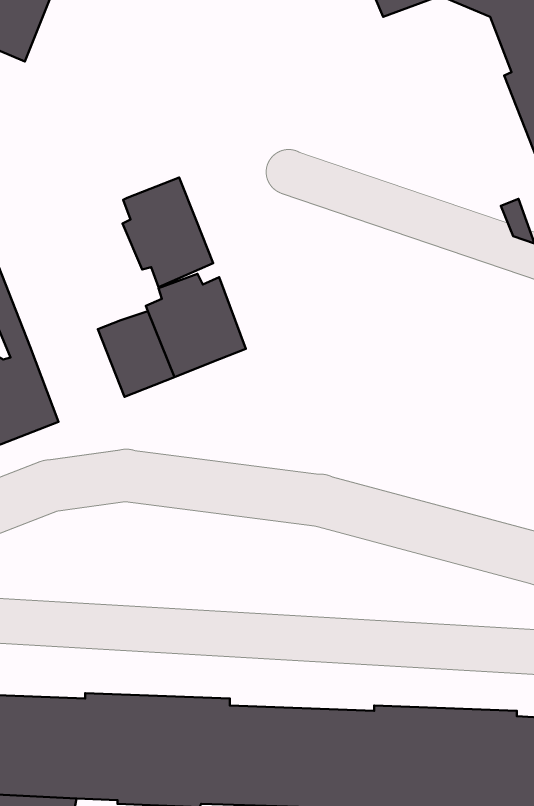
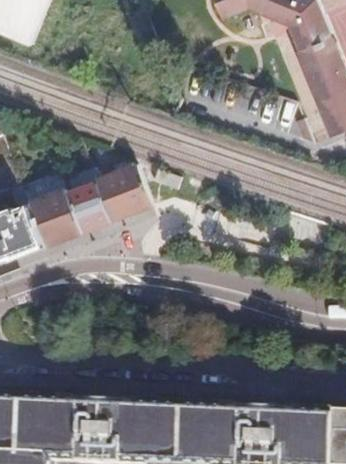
building: [123,177,213,287] -> none
building: none -> [27,190,80,246]

